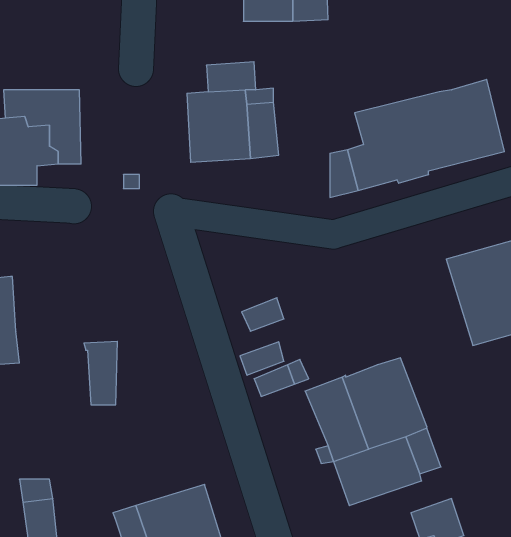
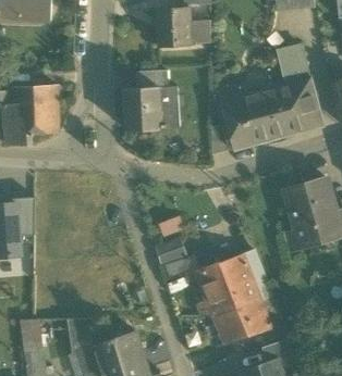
building: none -> [276,43,309,87]
building: [84,341,117,405] -> [14,197,35,236]
building: none -> [69,318,93,353]

